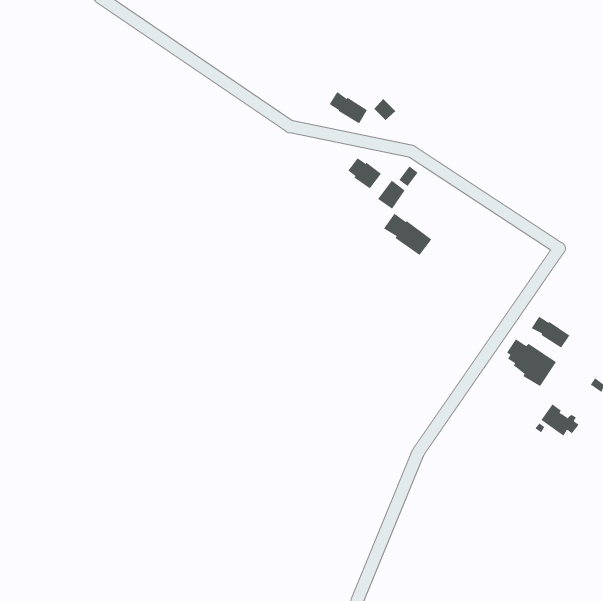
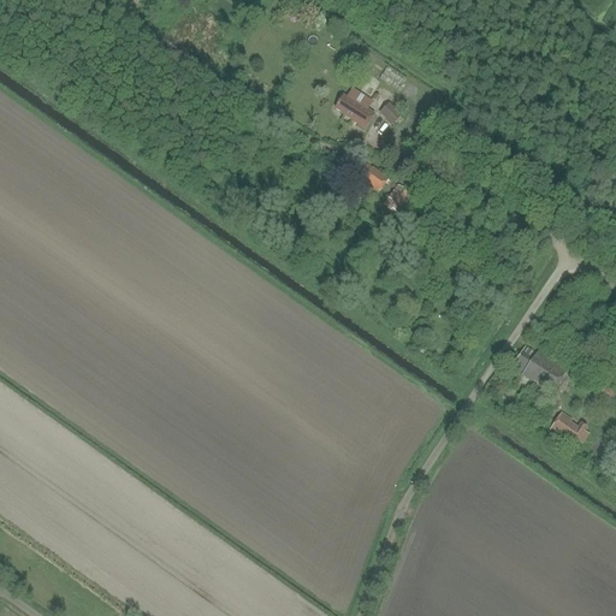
building: [383,213,432,256] -> none
building: [531,316,570,348] -> none

